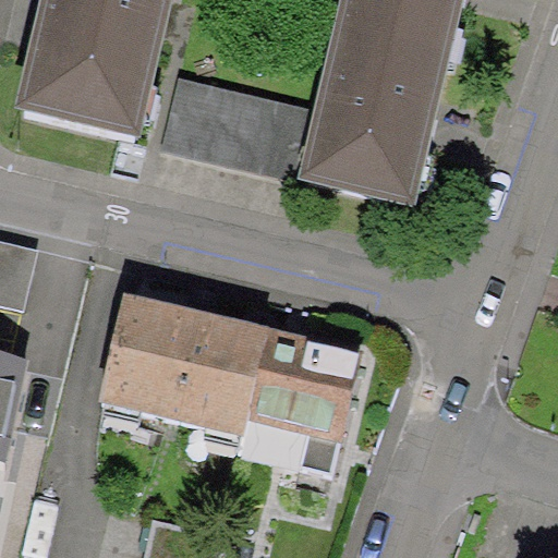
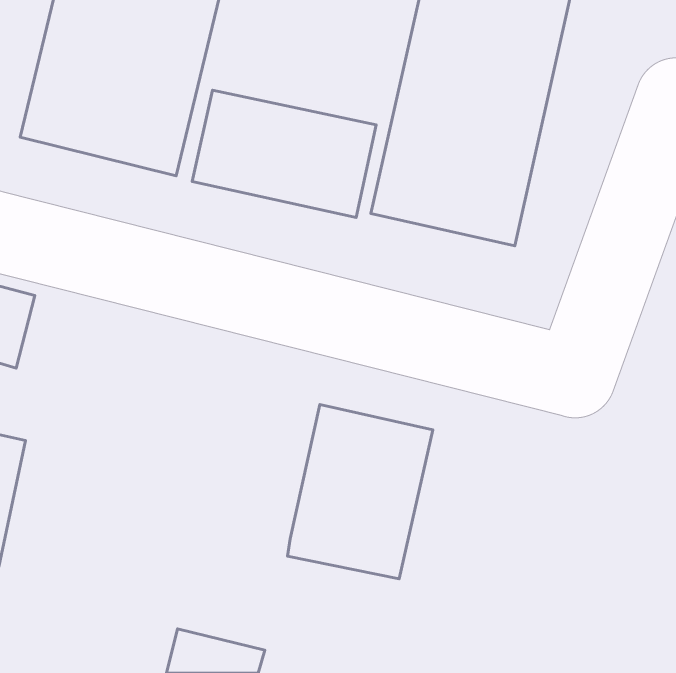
building: [89,295,259,437] -> none

